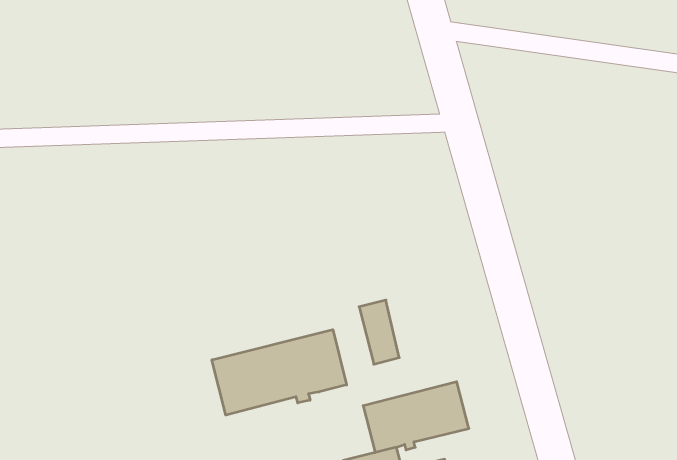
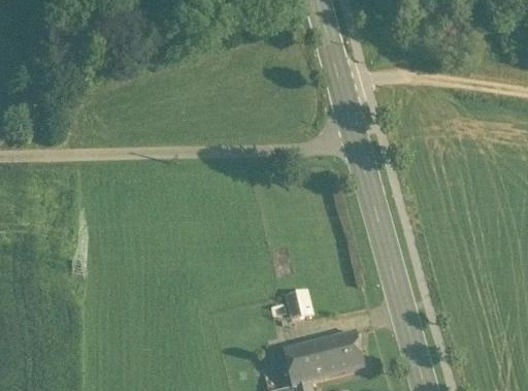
building: [212,330,347,415] -> none

